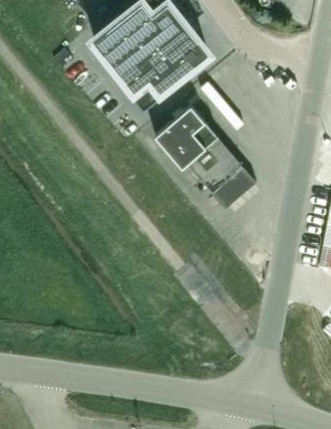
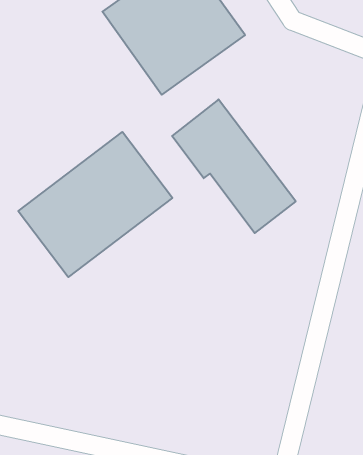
building: none -> [18,132,172,277]

